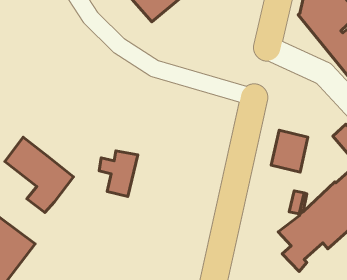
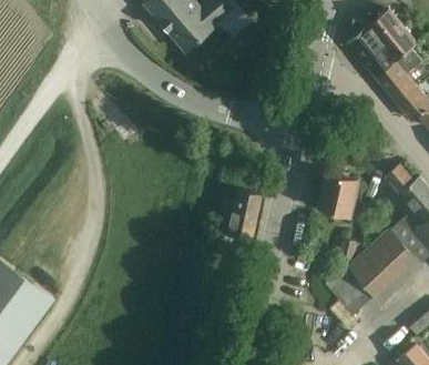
building: [5,137,73,213] -> none
building: [99,151,138,197] -> [219,191,263,242]

